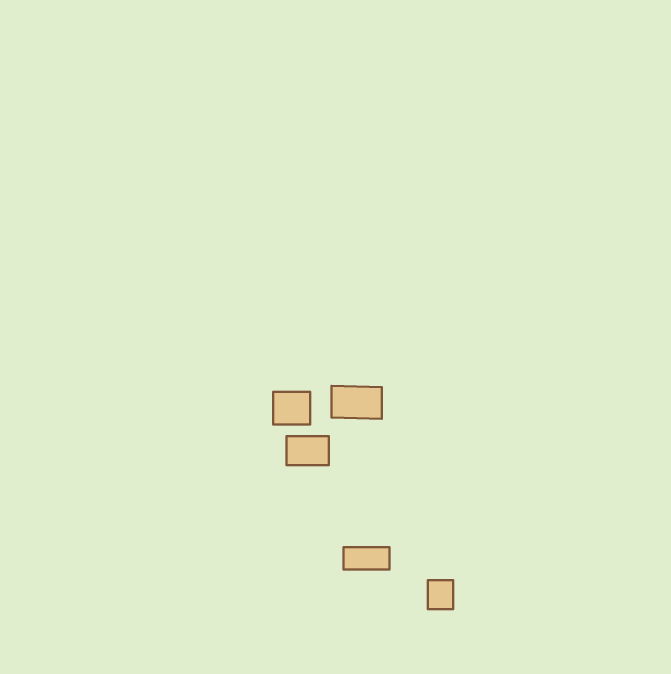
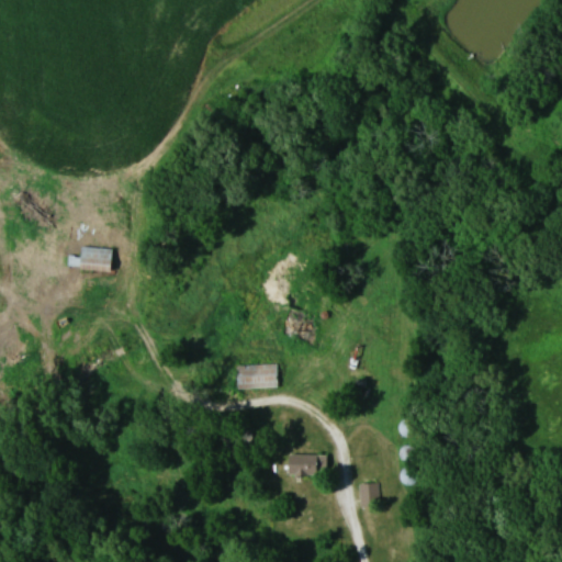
building: none -> [66,246,109,270]
building: [273,392,310,425] -> none

